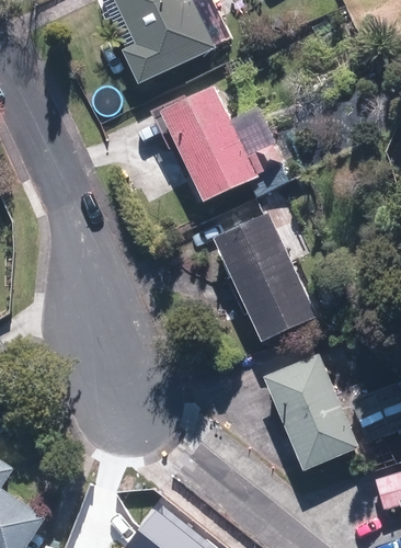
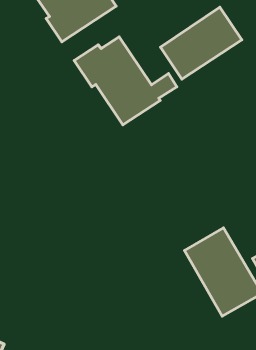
building: none -> [160,7,242,79]
building: [213,213,317,342] -> none

